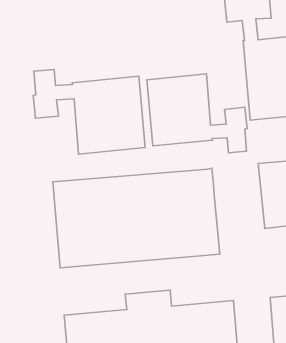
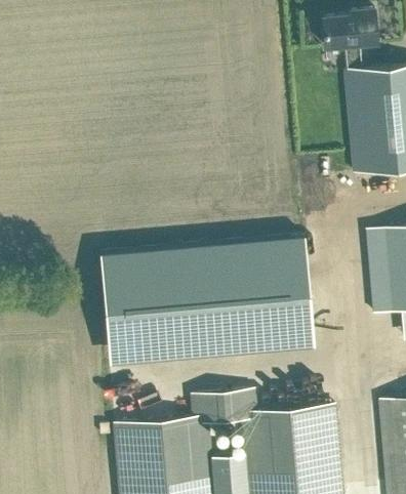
building: [33,69,145,154] -> none
building: [147,74,247,153] -> none

